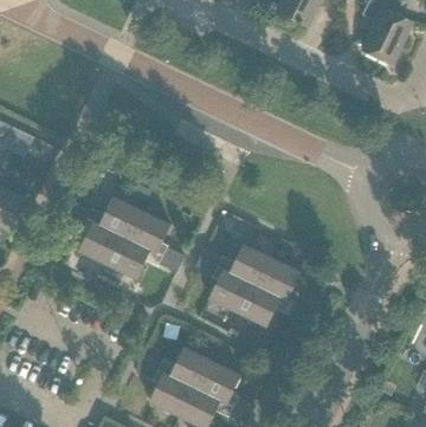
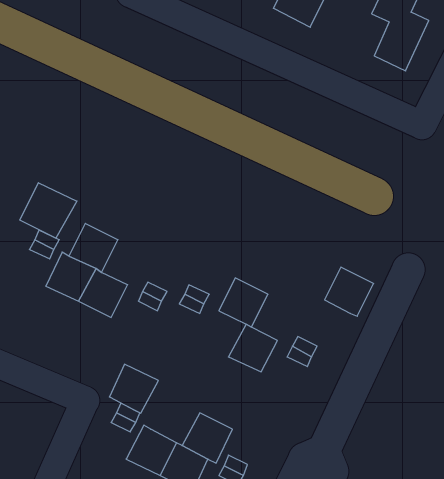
building: none -> [20,183,77,238]
building: [128,211,170,253] -> none
building: [258,258,301,300] -> [325,267,374,316]
building: [209,269,253,312] -> none
building: [170,347,213,389] -> [109,364,158,413]

